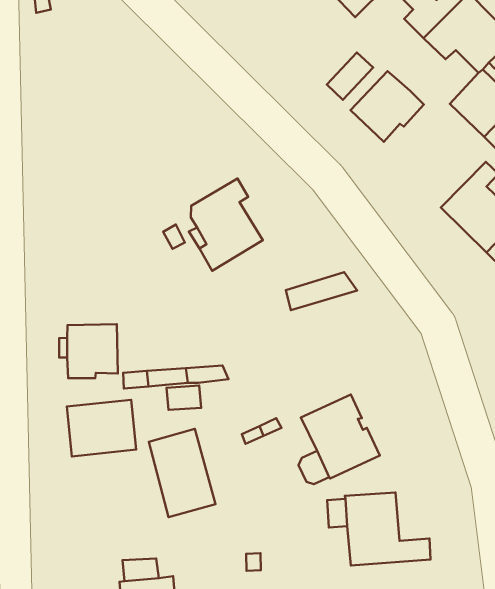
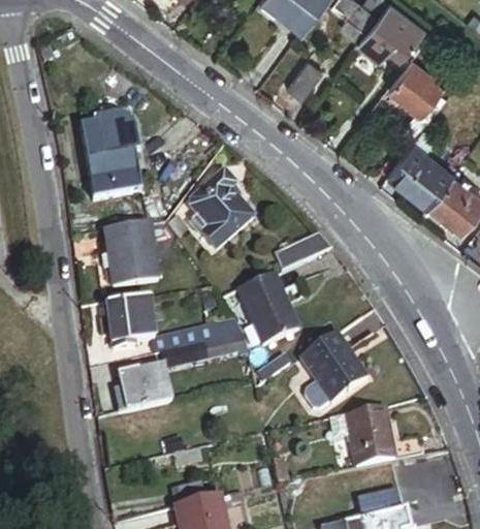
building: [351,71,424,142] -> none
building: none -> [79,116,140,197]
building: none -> [104,222,157,287]
building: [149,429,216,517] -> [238,273,298,346]

